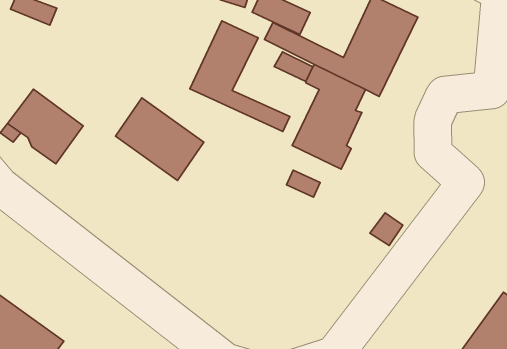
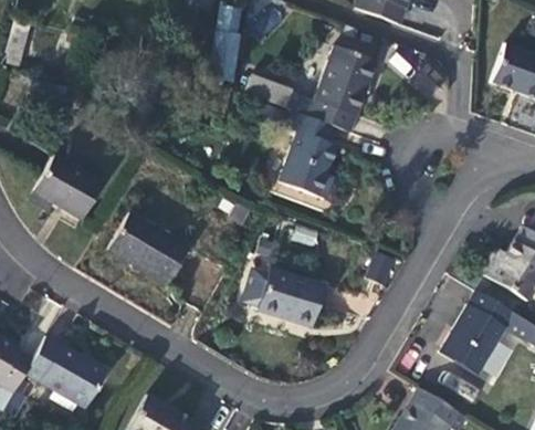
building: [190,21,290,131] -> none
building: [116,98,204,180] -> [109,220,186,287]
building: none -> [245,271,326,329]

